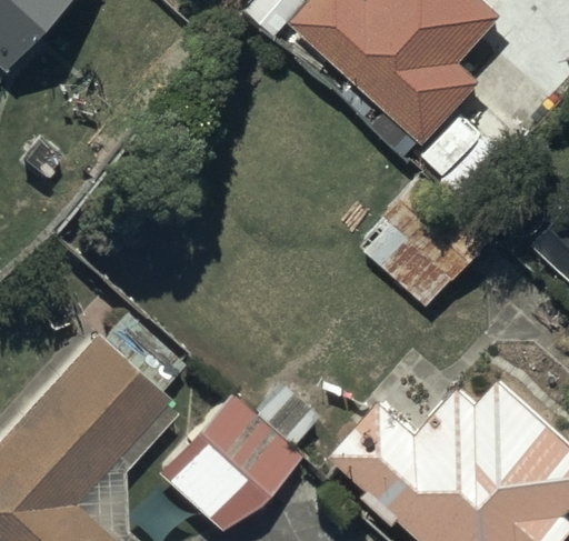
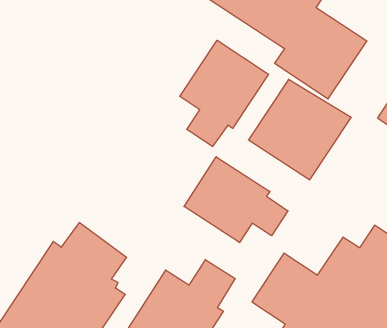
building: none -> [180,40,268,147]
building: none -> [184,157,288,243]

